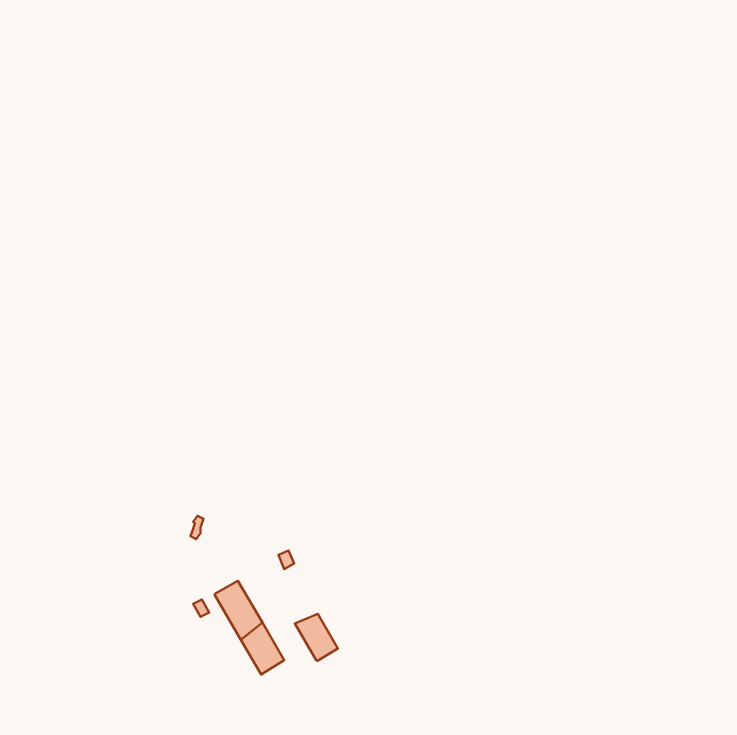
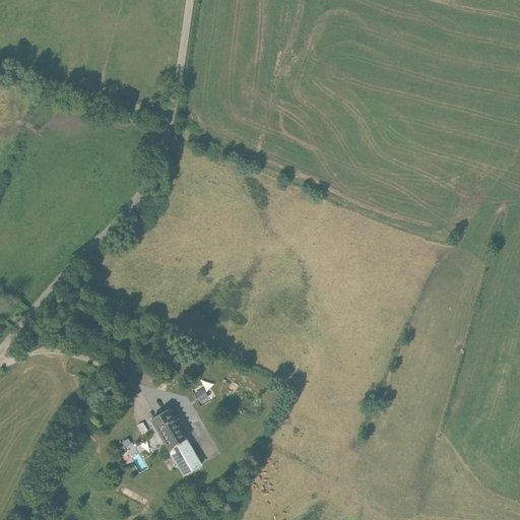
building: [295,614,338,661] -> none

